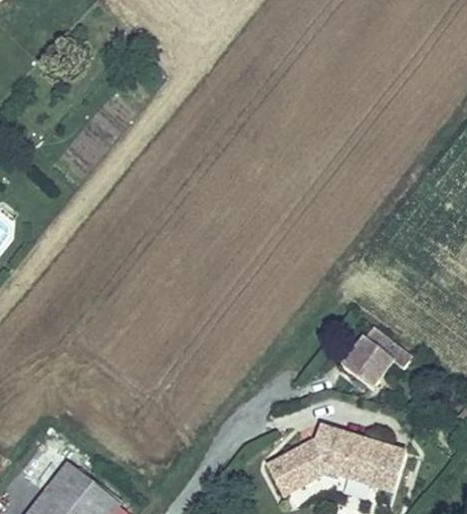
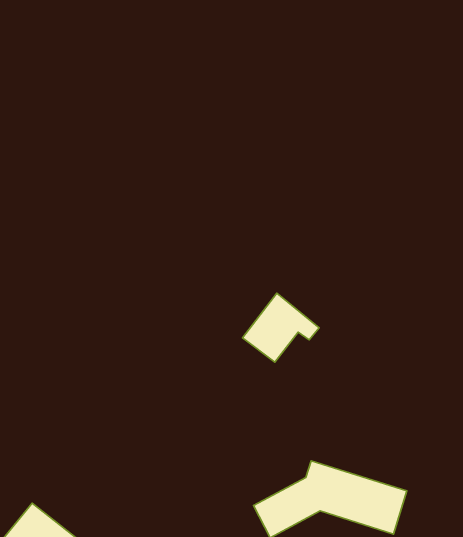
building: [341,325,411,388] -> [242,293,319,362]

